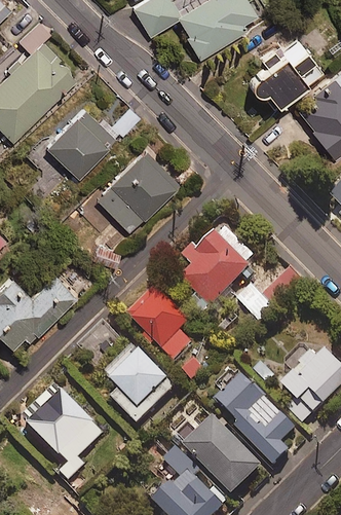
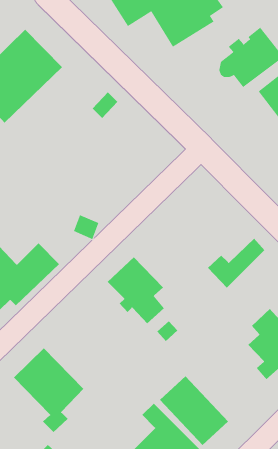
building: [44,107,116,180] -> none
building: [94,150,179,233] -> none
building: [182,231,251,307] -> none
building: [106,345,175,424] -> none
building: [218,375,296,466] -> none

